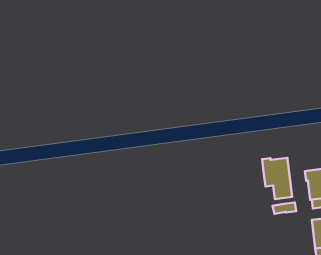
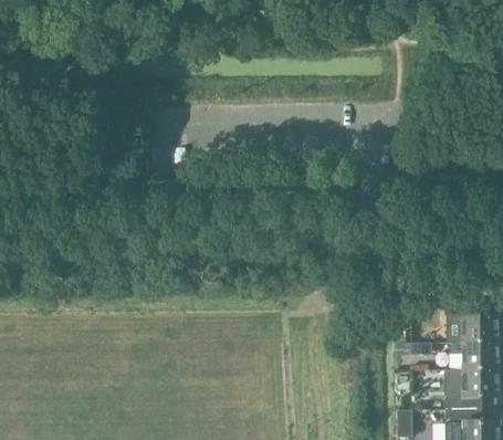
building: [262,158,292,199] -> none

